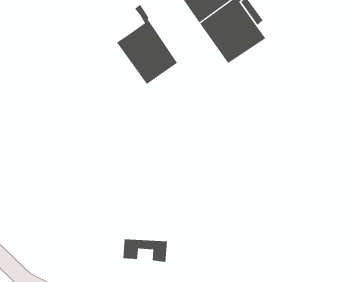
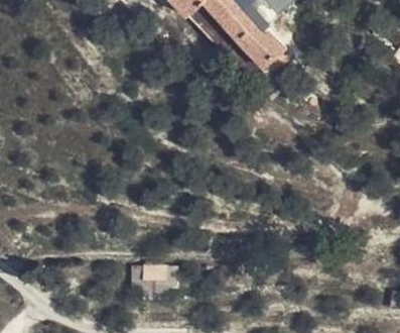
building: [116,4,178,85] -> none

